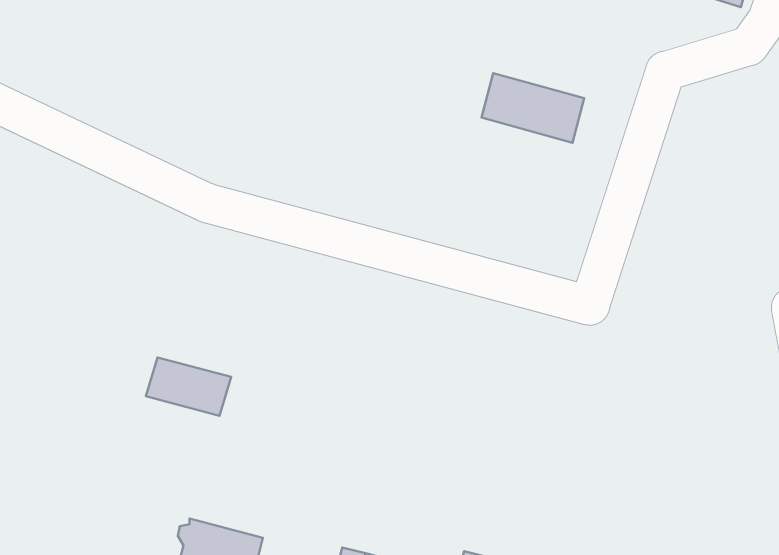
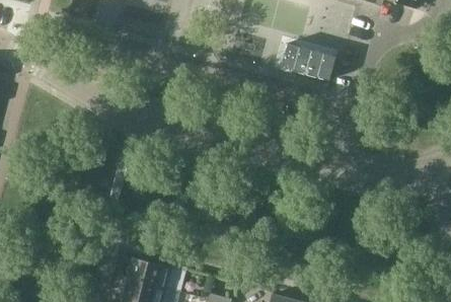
building: [146,358,231,416] -> [127,257,171,288]

